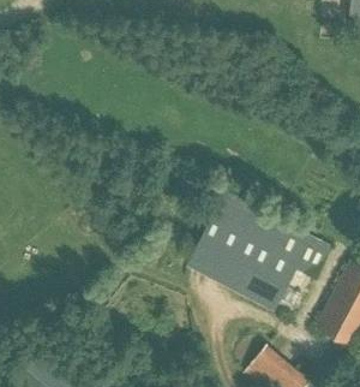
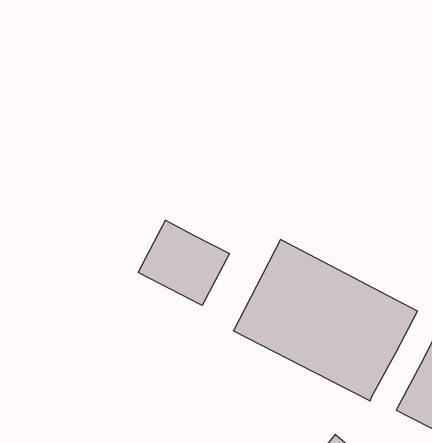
building: none -> [138,220,229,305]

